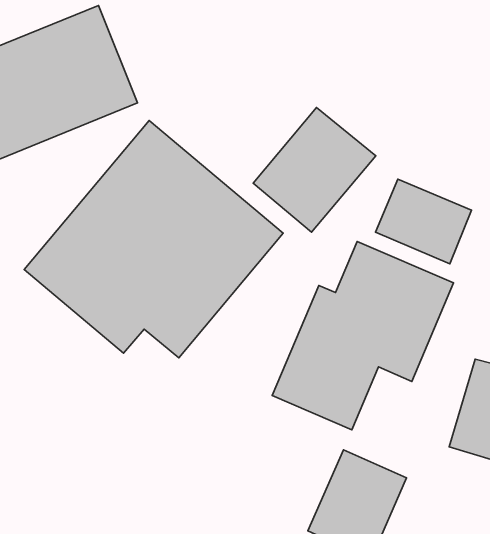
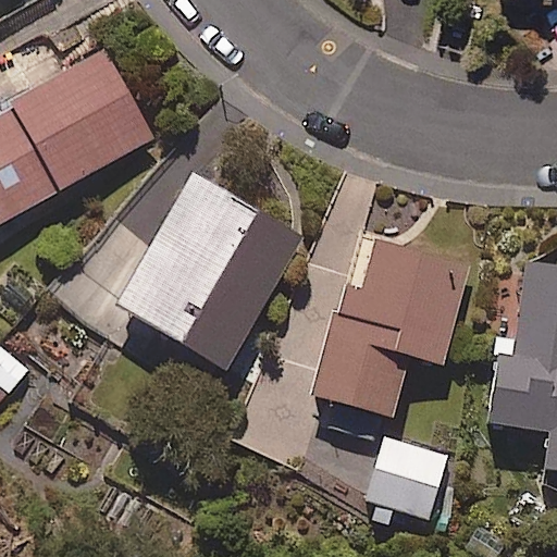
building: [253,107,376,232] -> none
building: [375,179,472,264] -> none

